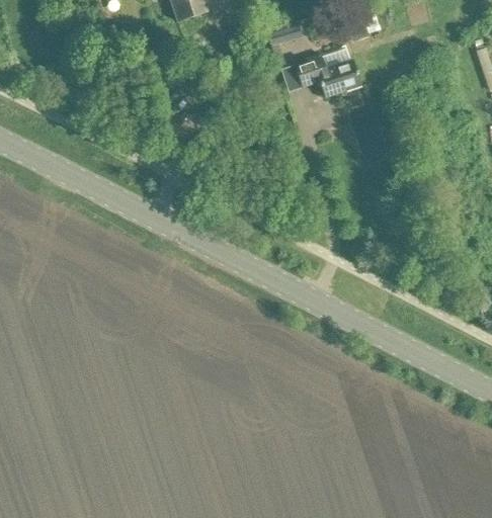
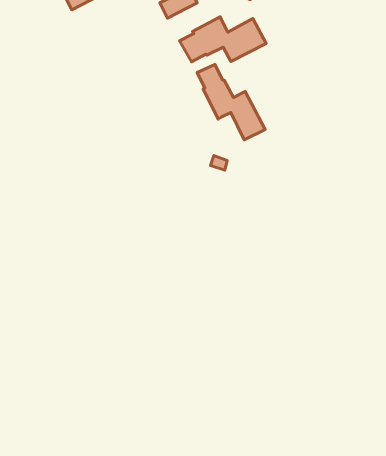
building: none -> [197,64,265,140]

